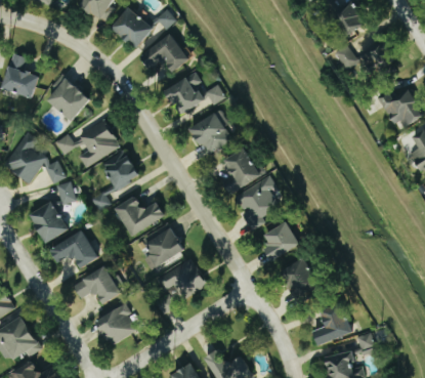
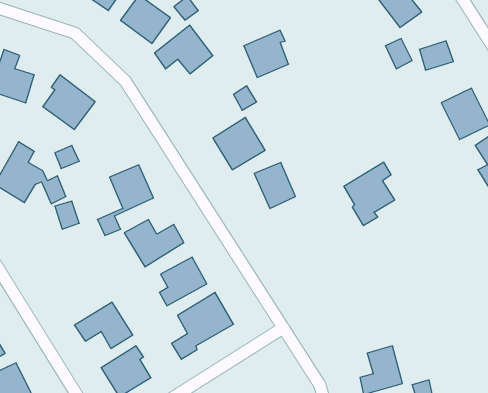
building: [166,74,204,114] -> [244,30,289,77]
building: [78,120,119,168] -> none
building: [236,175,279,228] -> [344,162,395,225]
building: [28,201,68,243] -> none
building: [263,222,299,260] -> none
building: [49,232,96,267] -> none
building: [281,258,318,299] -> none

